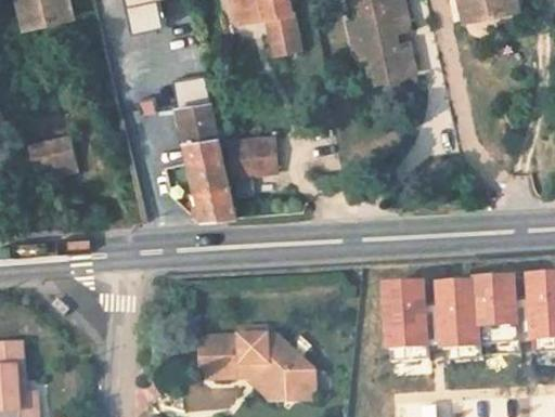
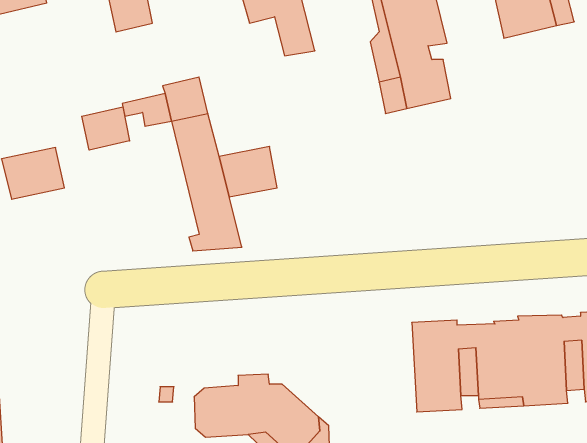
building: none -> [82,107,130,150]

